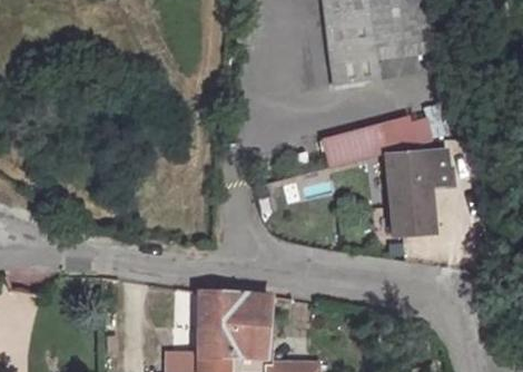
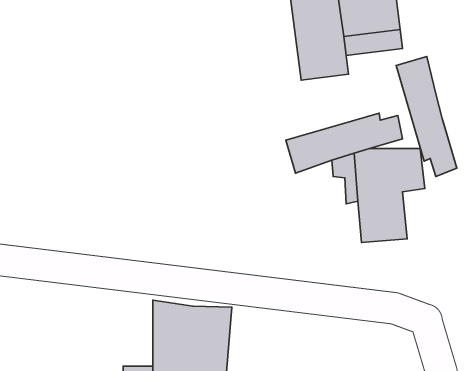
building: none -> [396,56,457,176]

